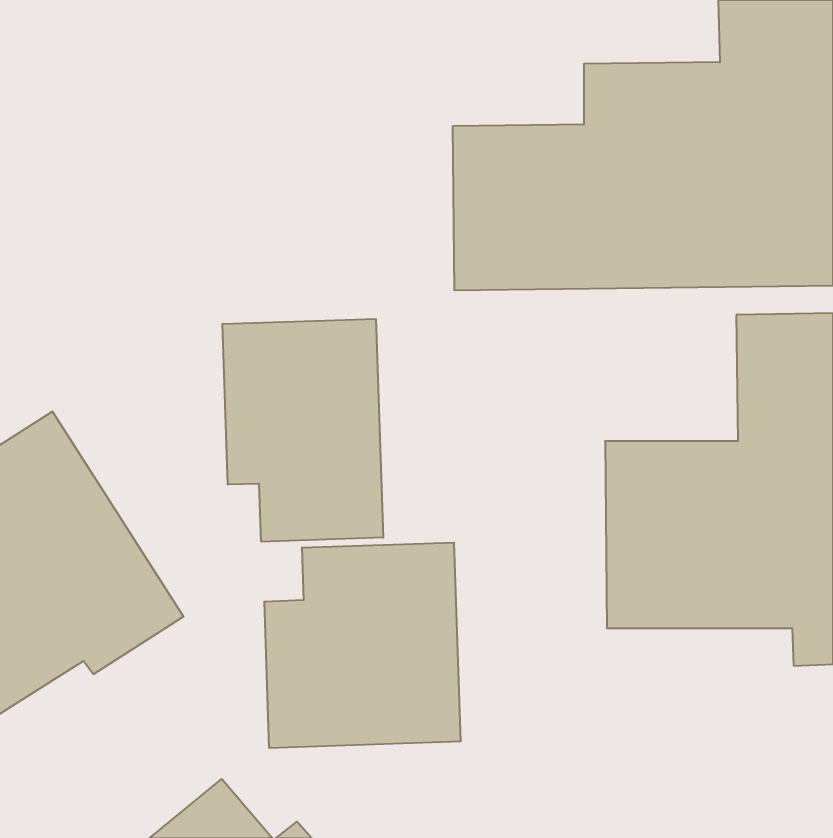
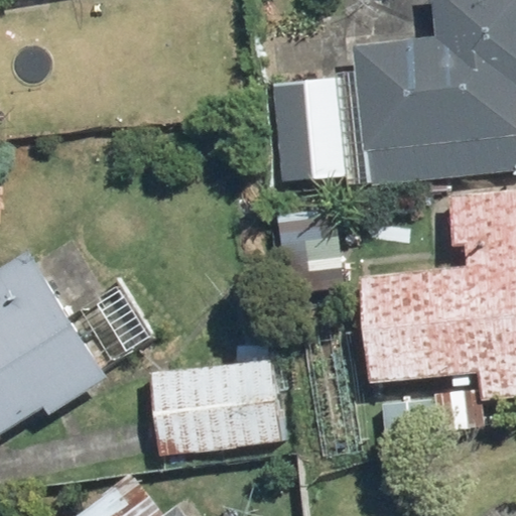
building: [223,319,383,542] -> none

